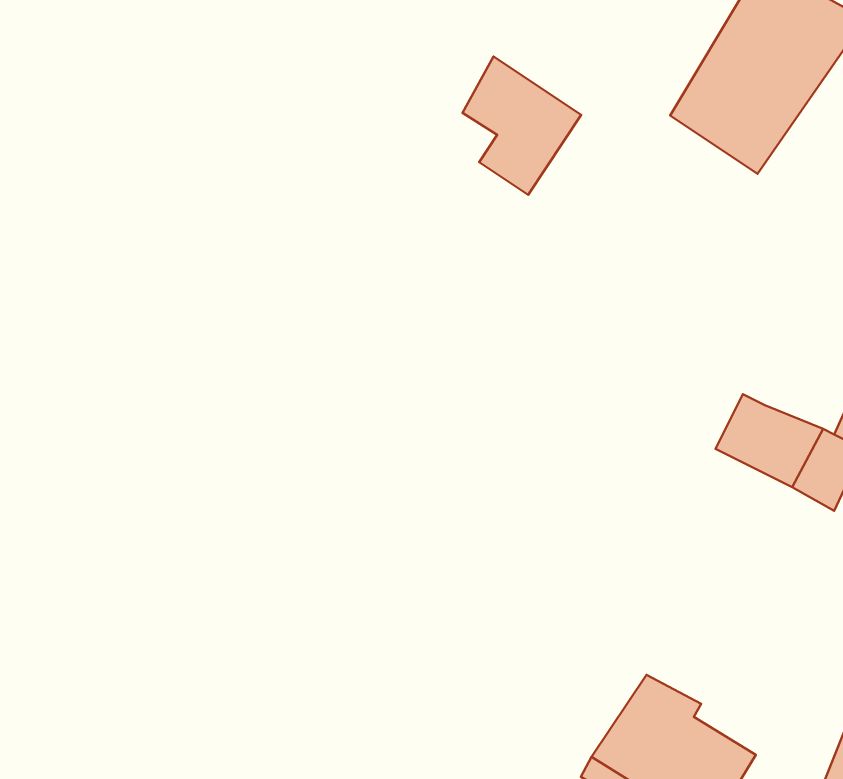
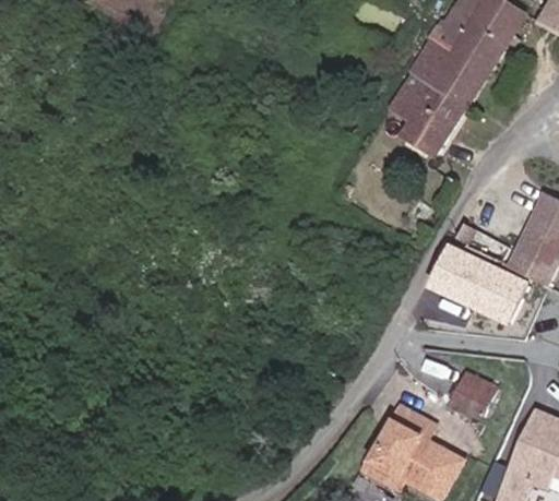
building: [463,56,581,195] -> [393,75,464,158]
building: none -> [449,371,495,418]

